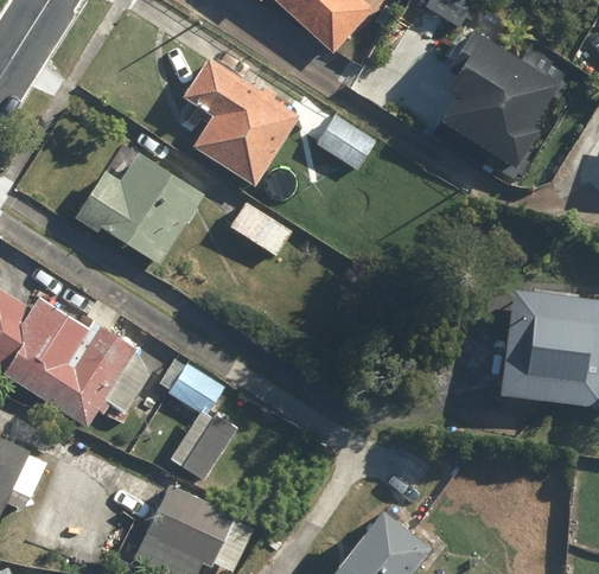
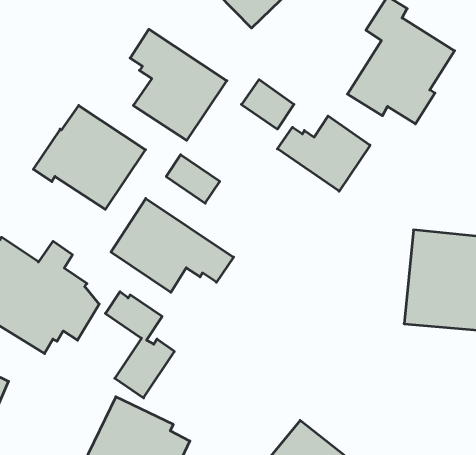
building: none -> [277,116,370,191]
building: none -> [111,198,234,292]

